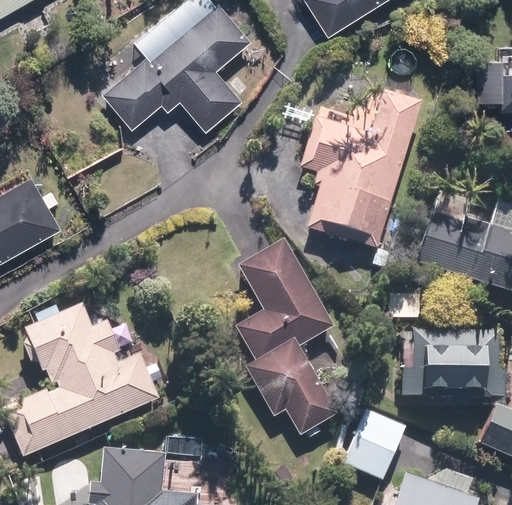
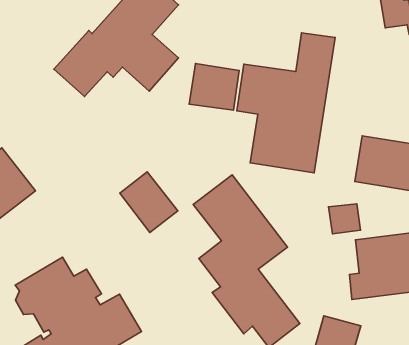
building: none -> [189,64,239,110]
building: none -> [120,172,178,232]

